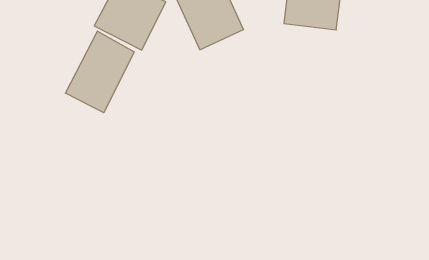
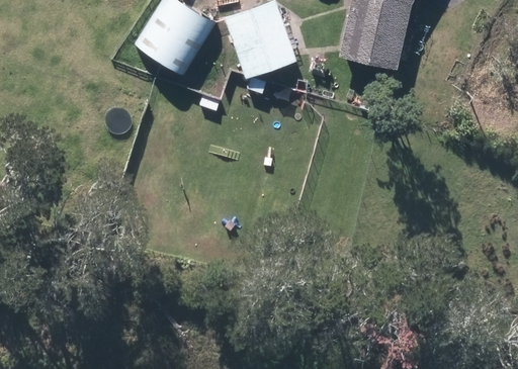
building: [65,31,134,113] -> none

